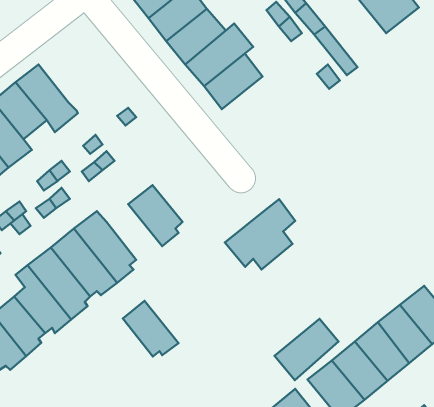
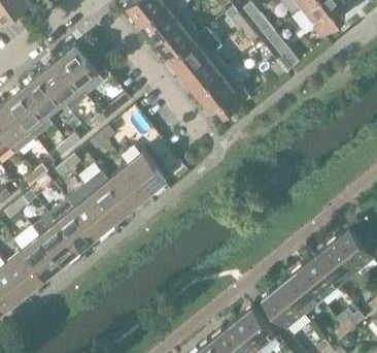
building: none -> [57,46,103,96]
building: [225,199,295,270] -> [196,62,249,116]
building: [123,301,179,357] -> [108,167,150,210]
building: [275,319,339,380] -> none

